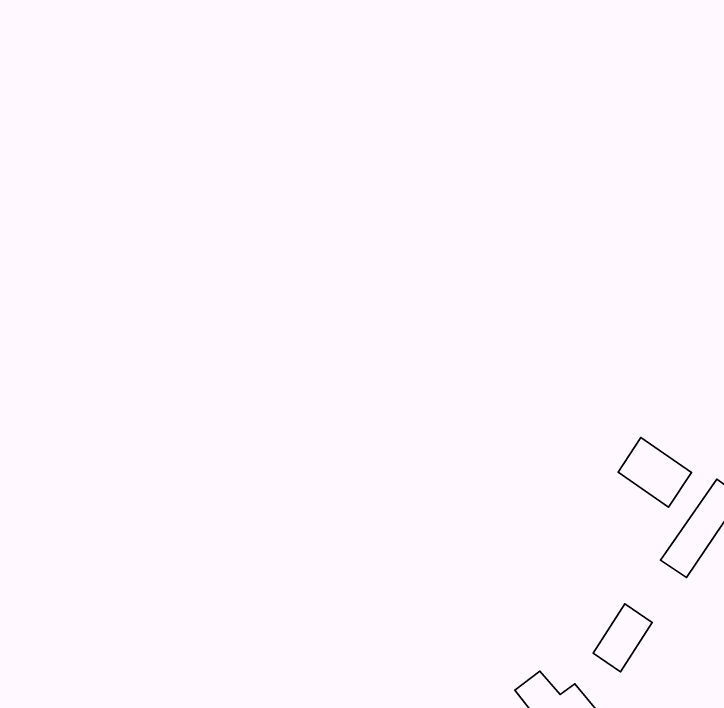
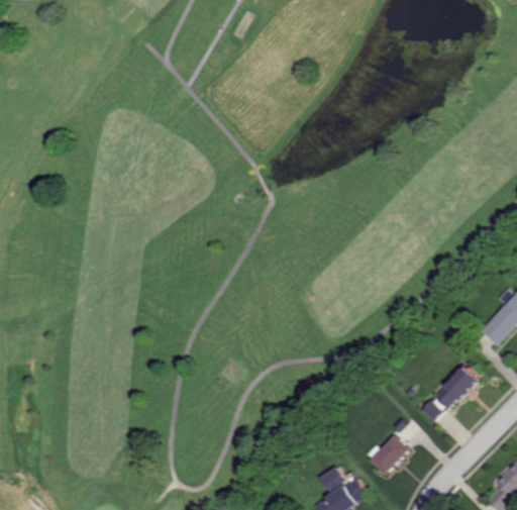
building: [618,438,691,507] -> none

